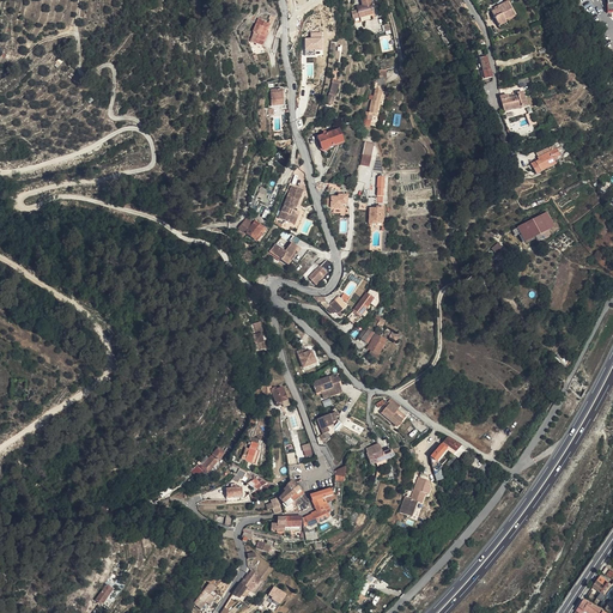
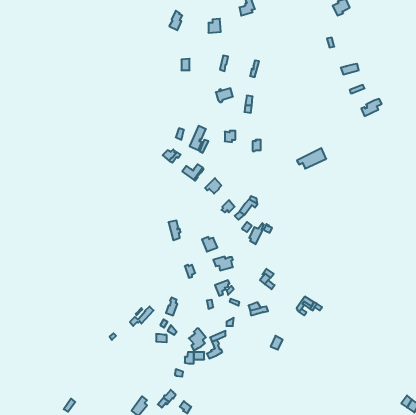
building: [515,207,558,237] -> [297,148,326,169]

